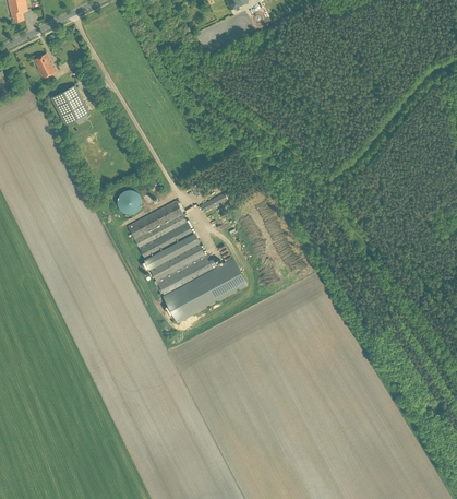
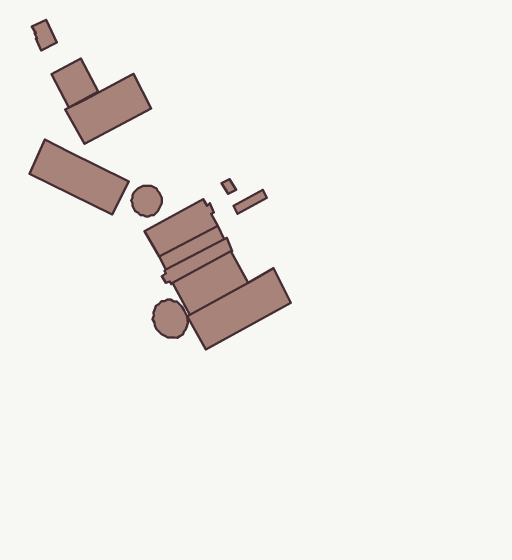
building: none -> [65,74,151,144]
building: none -> [29,139,129,215]
building: none -> [153,300,188,338]

